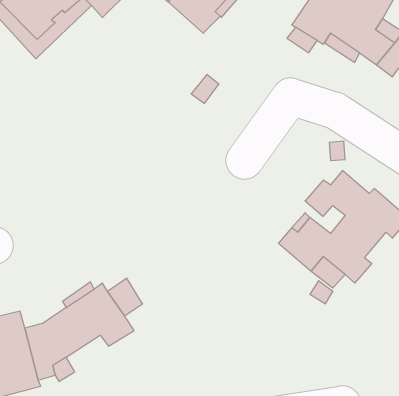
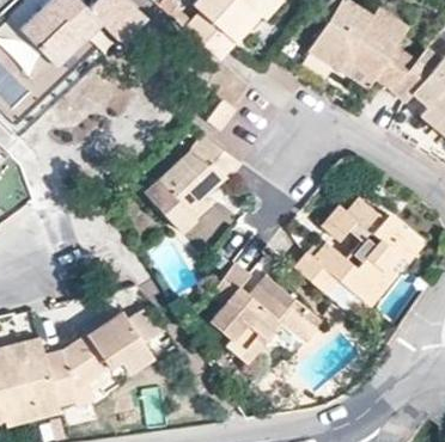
building: none -> [145,135,244,234]
building: none -> [212,263,324,366]

